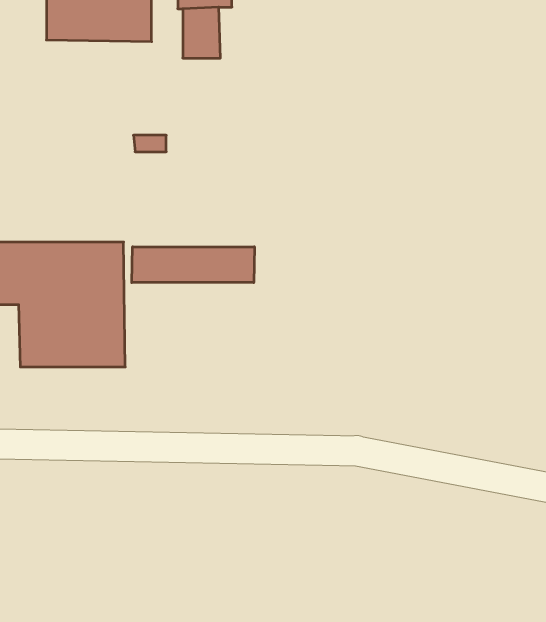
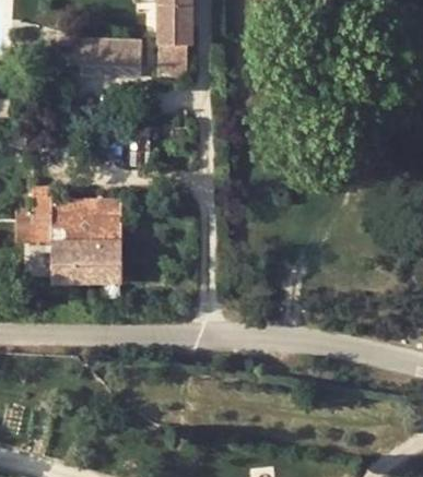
building: [132,247,254,283] -> none

